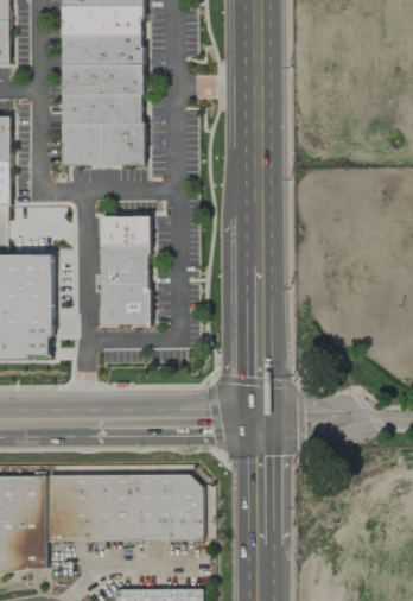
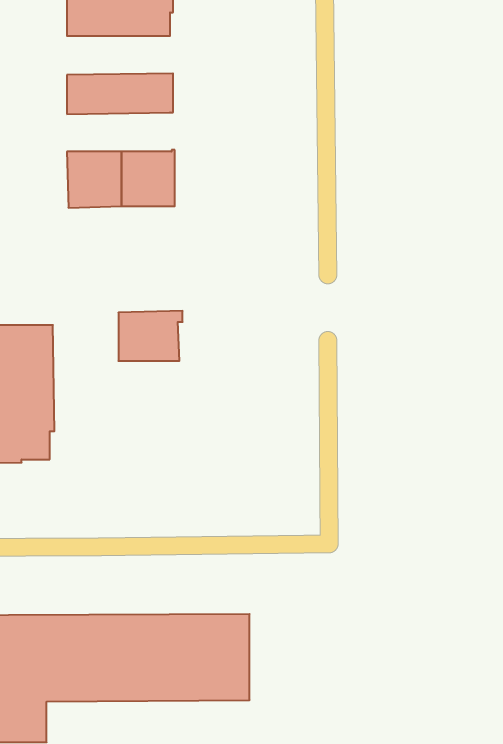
building: [62,34,142,64] -> none
building: [62,93,141,122] -> none
building: [100,215,150,245] -> none
building: [101,281,151,325] -> none

